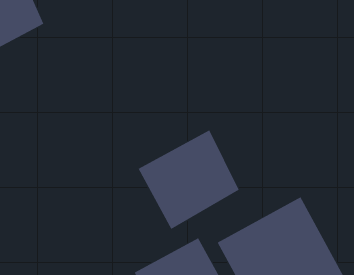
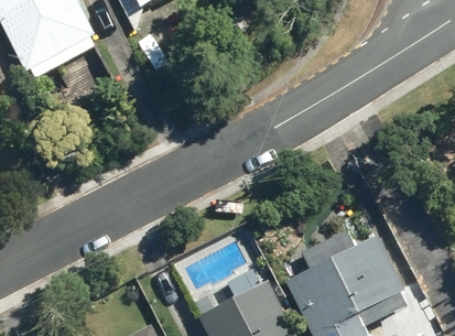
building: [138,129,240,230] -> none

